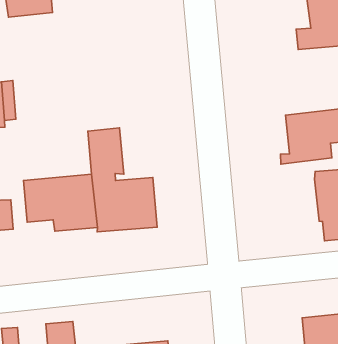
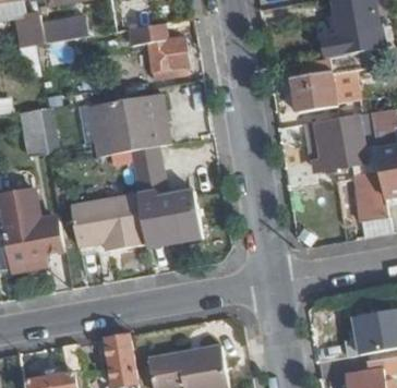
building: none -> [127,24,188,81]
building: none -> [291,65,339,111]
building: none -> [94,94,170,155]

